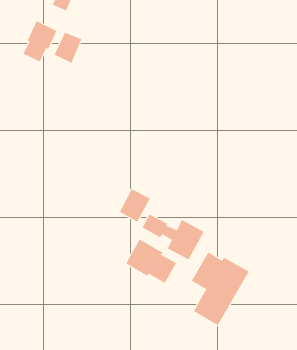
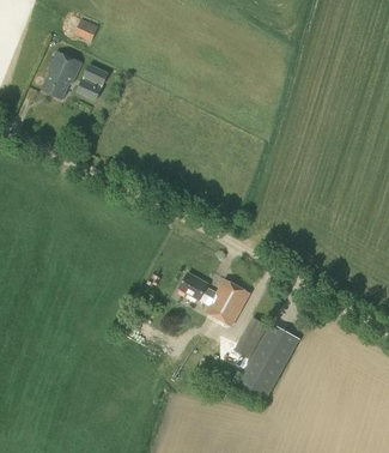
building: [119,188,151,223] -> none
building: [126,238,177,284] -> none

